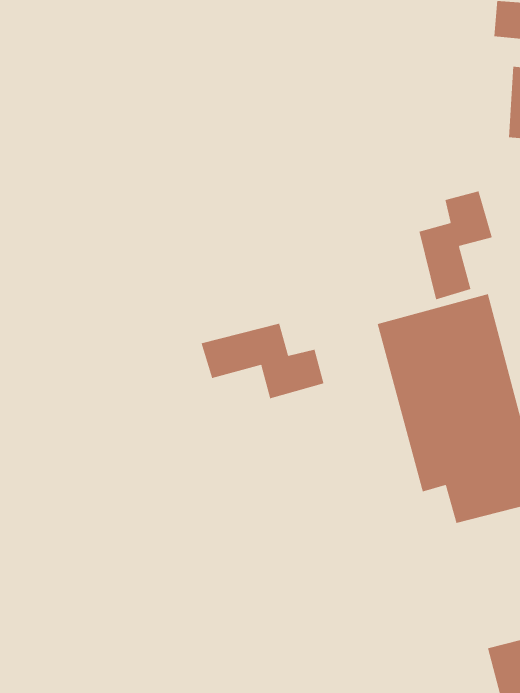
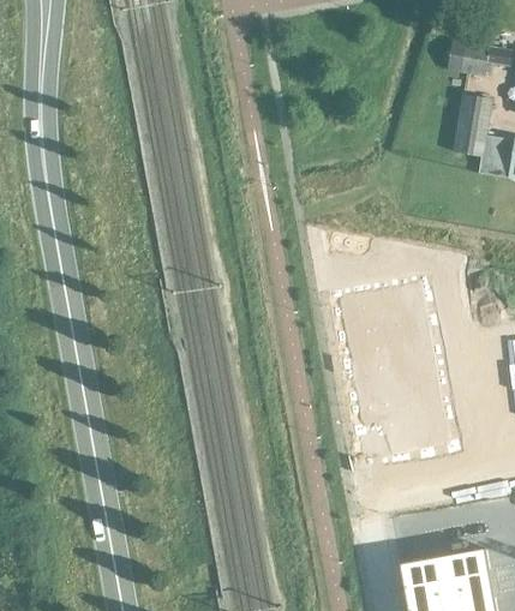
building: [419,190,492,300] -> none
building: [201,323,324,399] -> none

